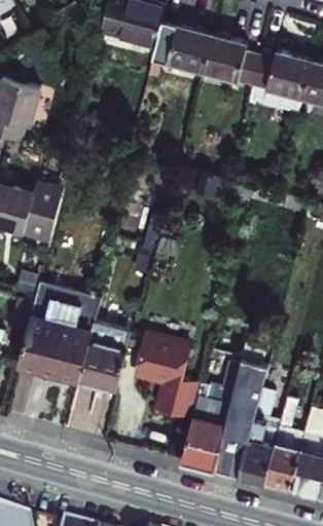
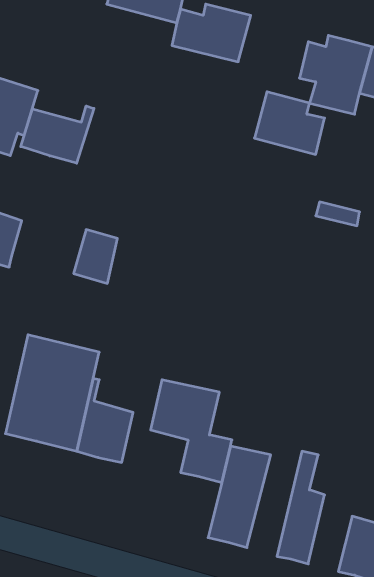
building: [206,34,263,85] -> [254,92,325,154]
building: none -> [21,106,94,163]
building: [20,195,56,239] -> [74,230,117,283]
building: [213,360,264,478] -> none
building: [263,411,302,490] -> none

